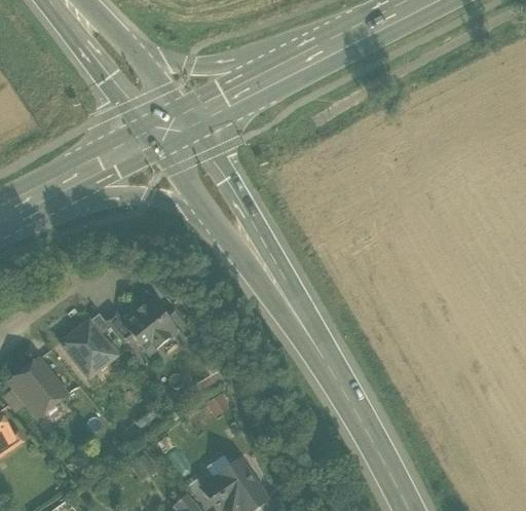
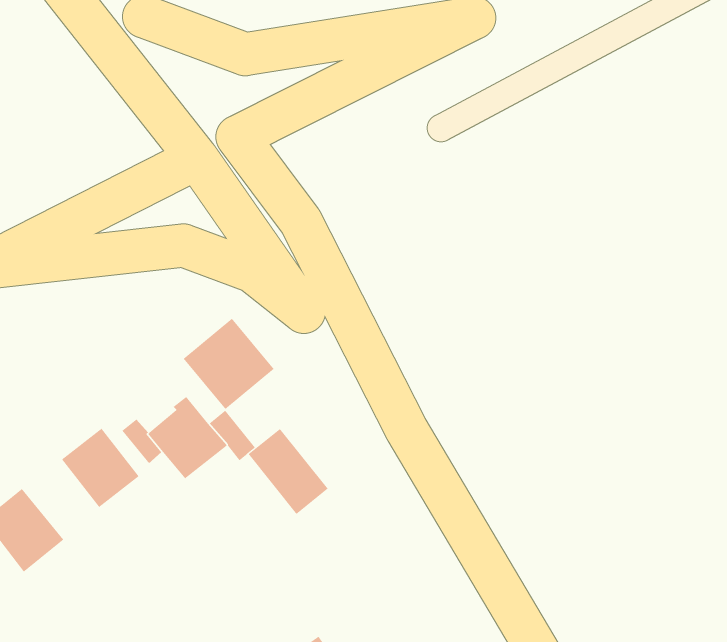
building: none -> [183,318,274,410]
building: none -> [248,428,328,515]

